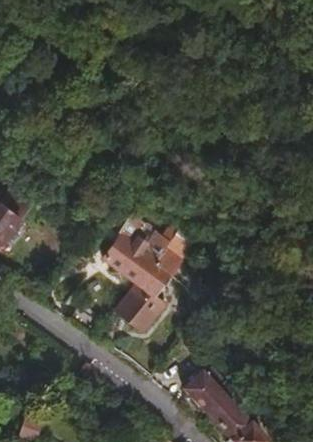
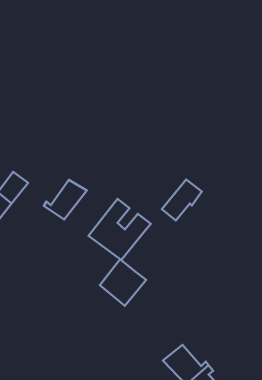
building: none -> [44,180,87,220]
building: [140,250,183,294] -> [162,179,202,220]

